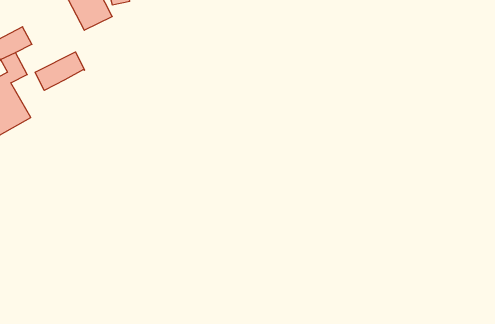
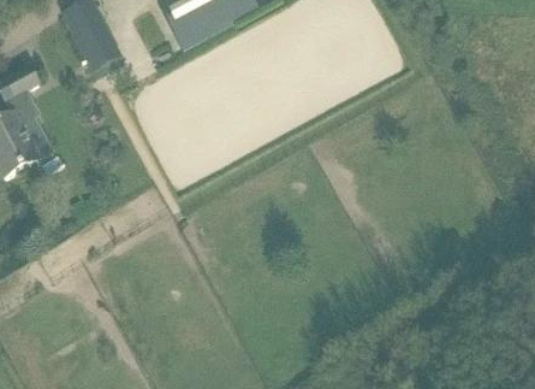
building: [35,52,84,90] -> none

